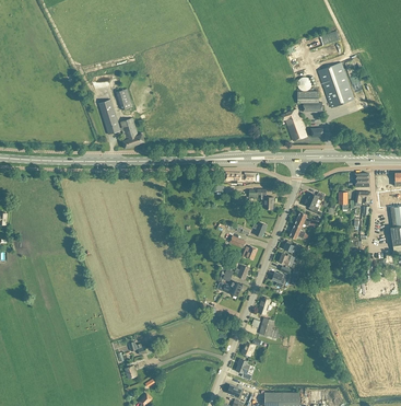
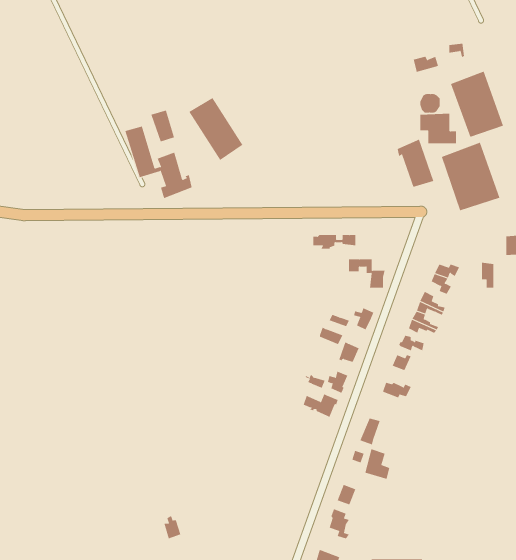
building: none -> [188,97,243,161]
building: none -> [441,142,500,211]

